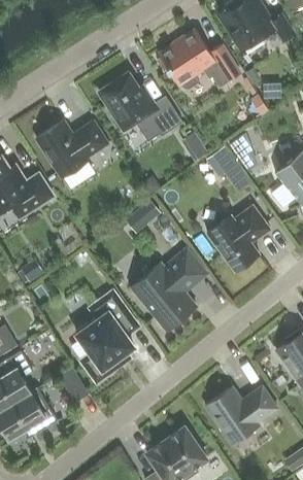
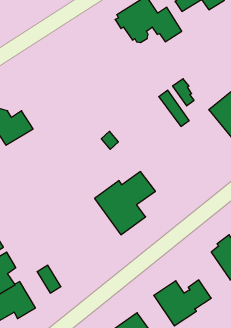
building: [99,73,182,141] -> none
building: [36,121,108,177] -> none
building: [207,205,270,272] -> none
building: [80,293,138,382] -> none

